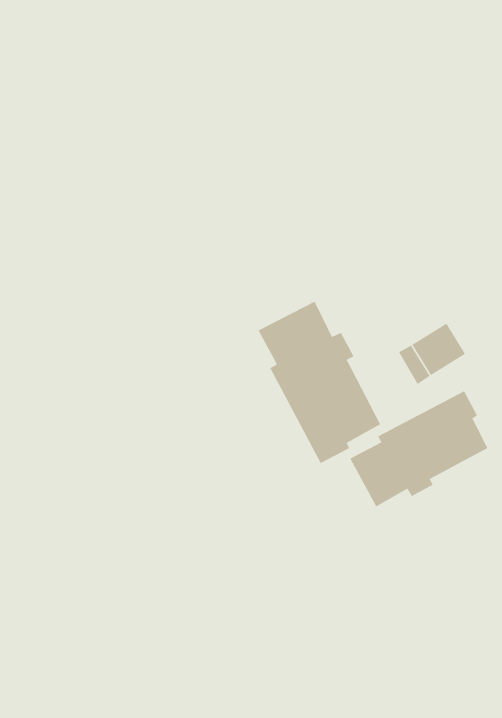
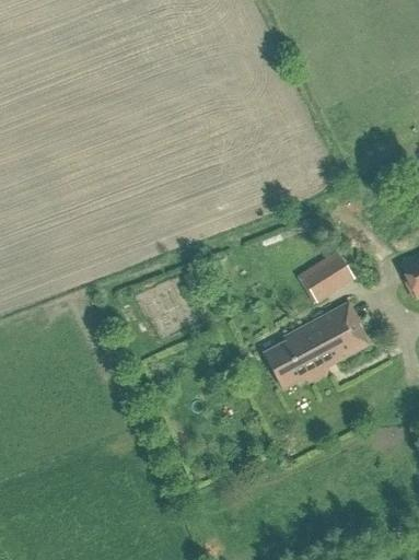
building: [258,301,381,464] -> none

